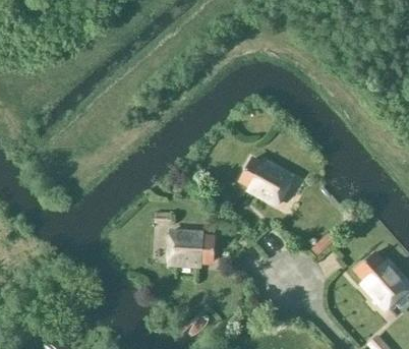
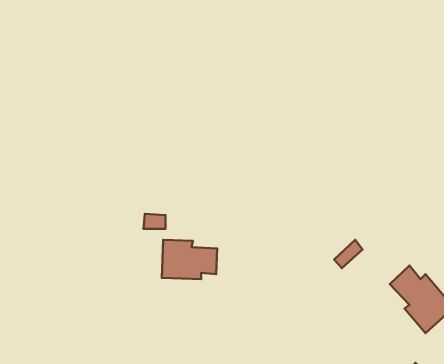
building: [242,160,294,205] -> none

